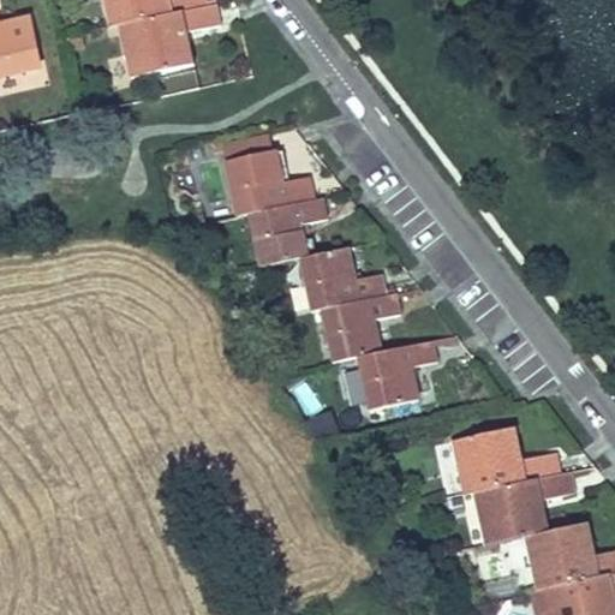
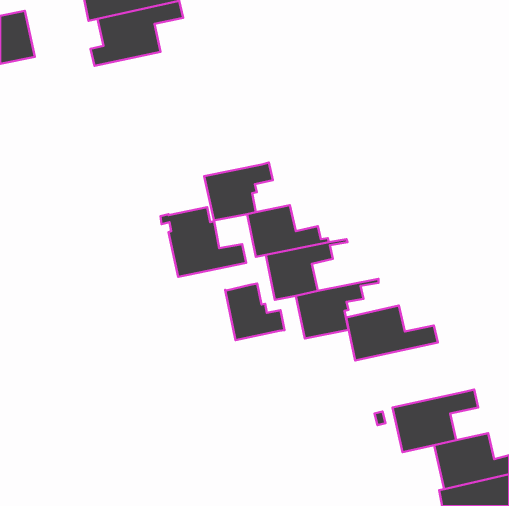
building: [213,131,316,215] -> [160,207,246,277]
building: none -> [225,283,284,340]
building: [452,428,562,494] -> [346,306,438,360]

